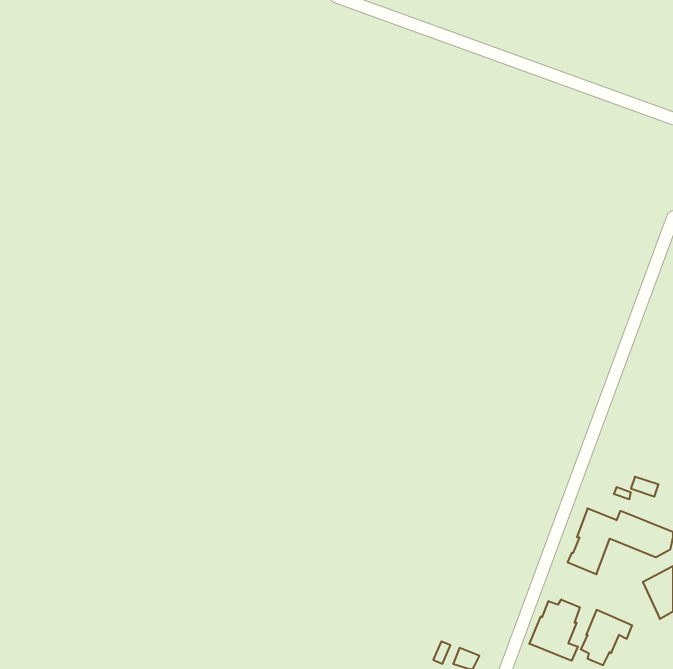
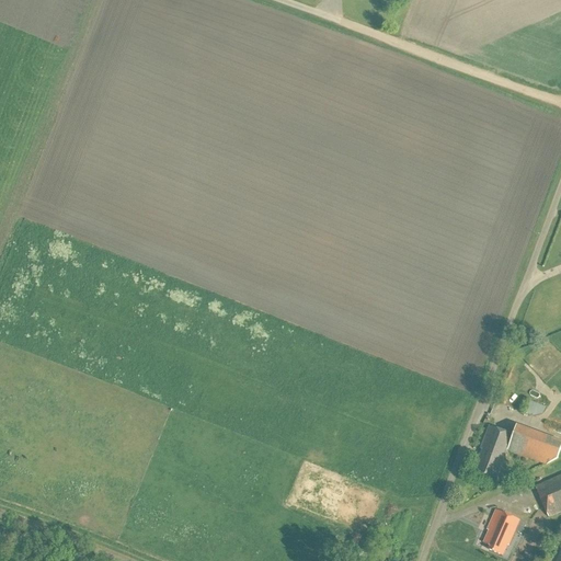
building: [529,599,580,661] -> none

